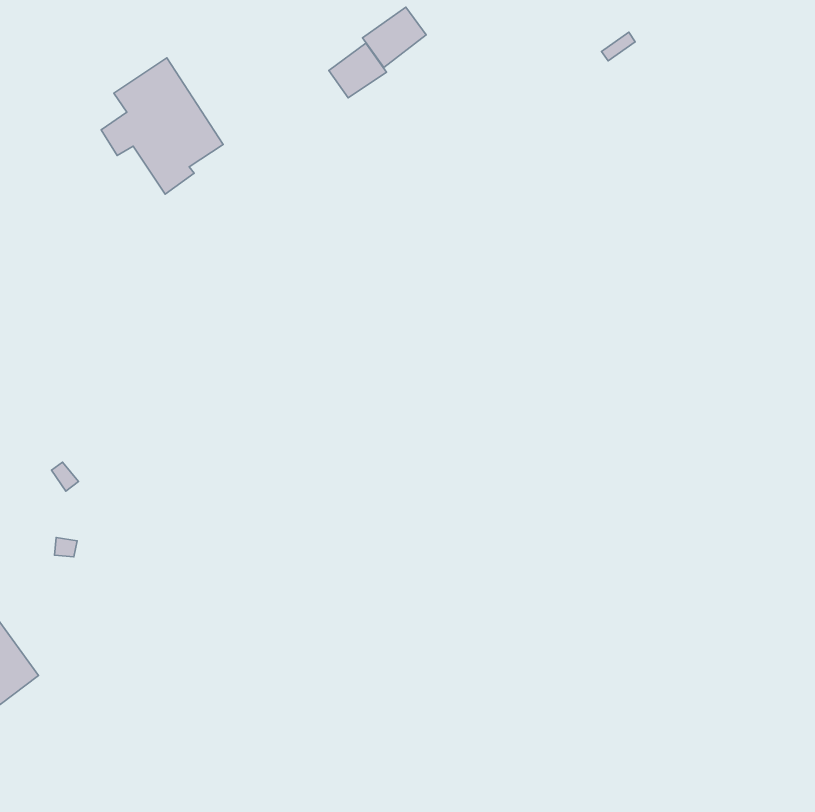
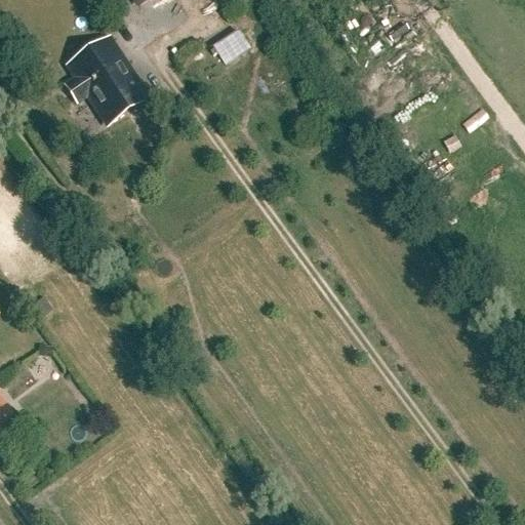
building: [362,7,426,68] -> none

